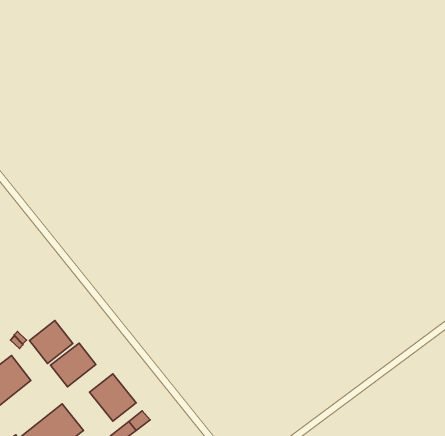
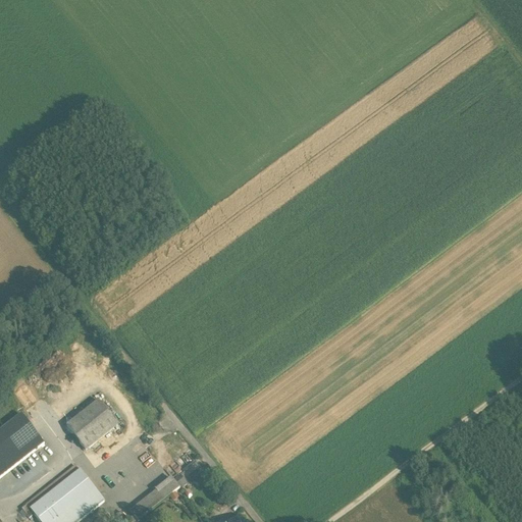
building: [29,320,73,364] -> none
building: [90,374,136,421] -> none

